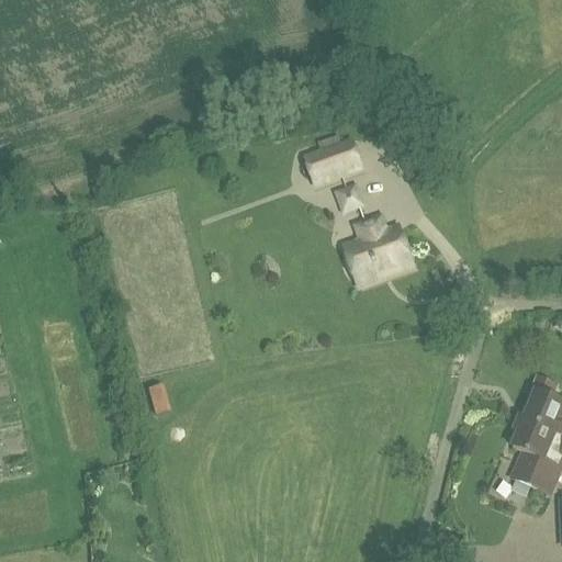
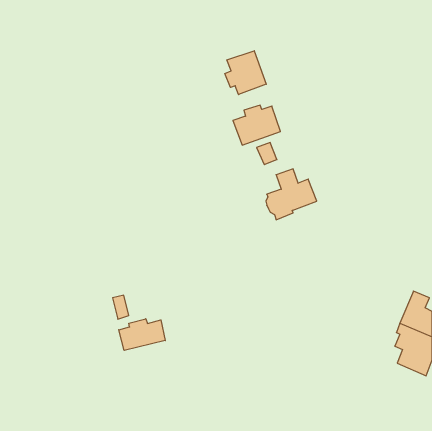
building: none -> [225,51,266,95]
building: none -> [119,319,165,350]

